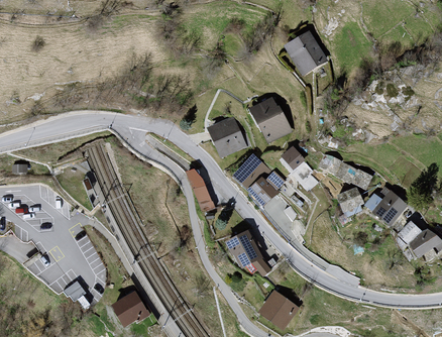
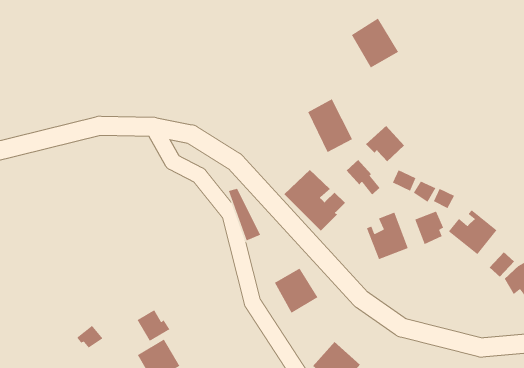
building: [209,118,244,155] -> none
building: none -> [365,125,405,162]
building: none -> [366,211,409,260]
building: none -> [137,309,170,342]

